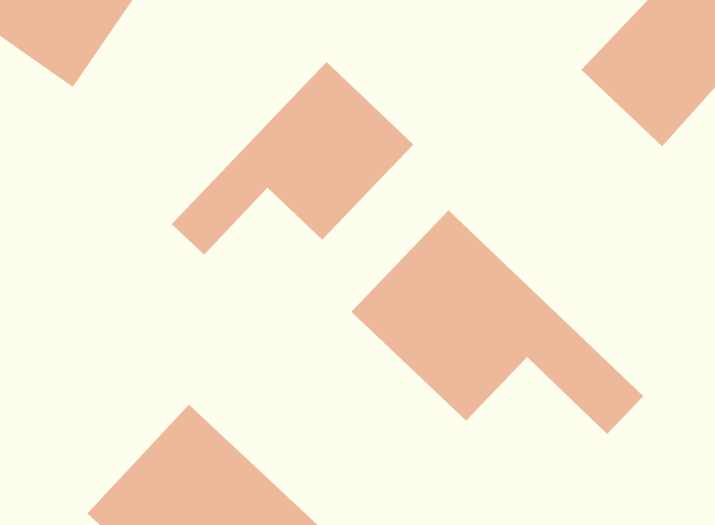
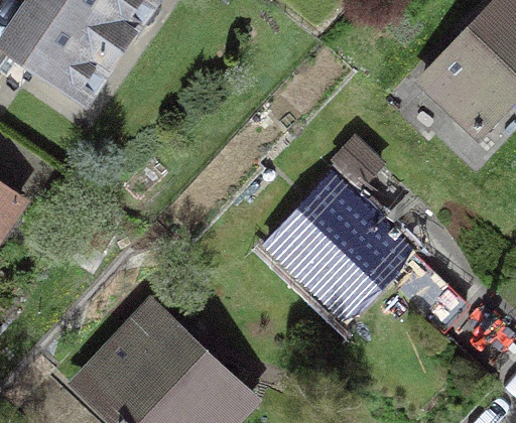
building: [171,61,414,256] -> none

